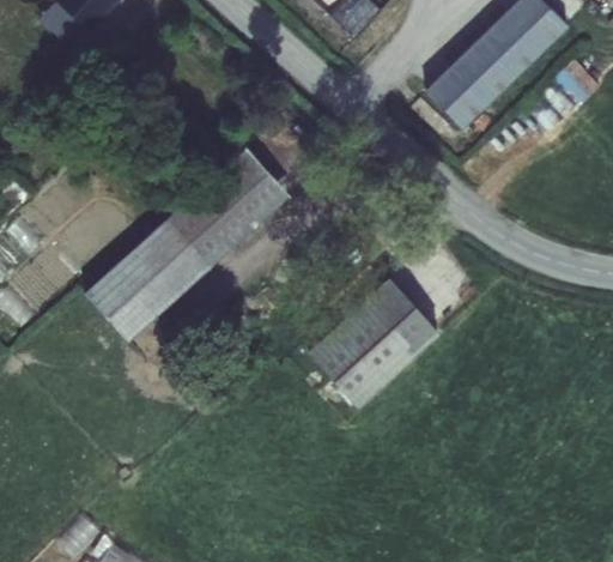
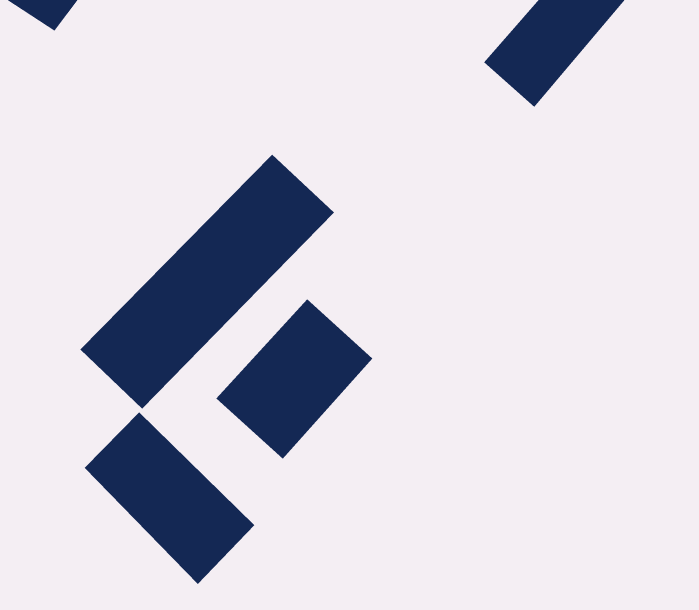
building: [302,280,430,407] -> [215,299,373,460]
building: none -> [84,412,255,585]

